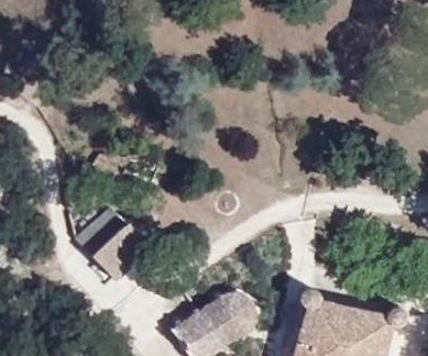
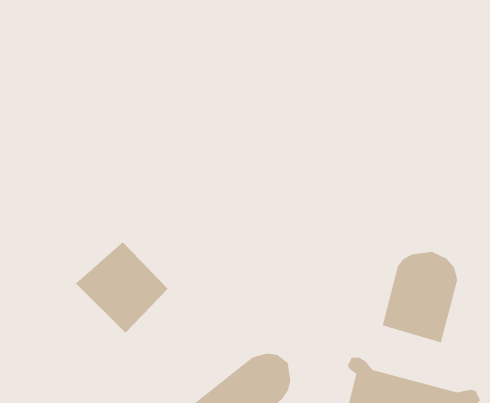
building: none -> [382,251,458,343]

